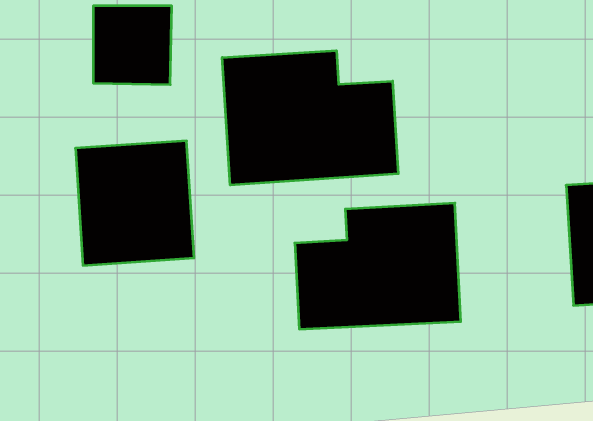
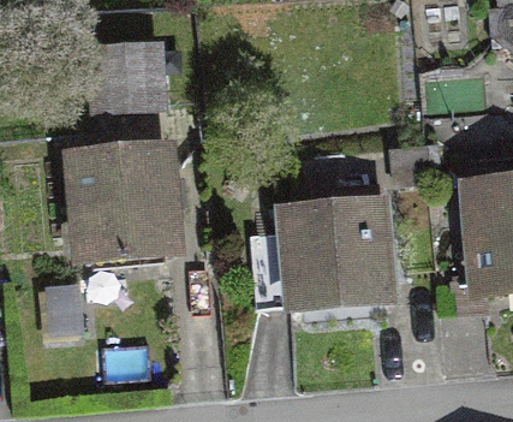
building: [222,51,398,185] -> none

